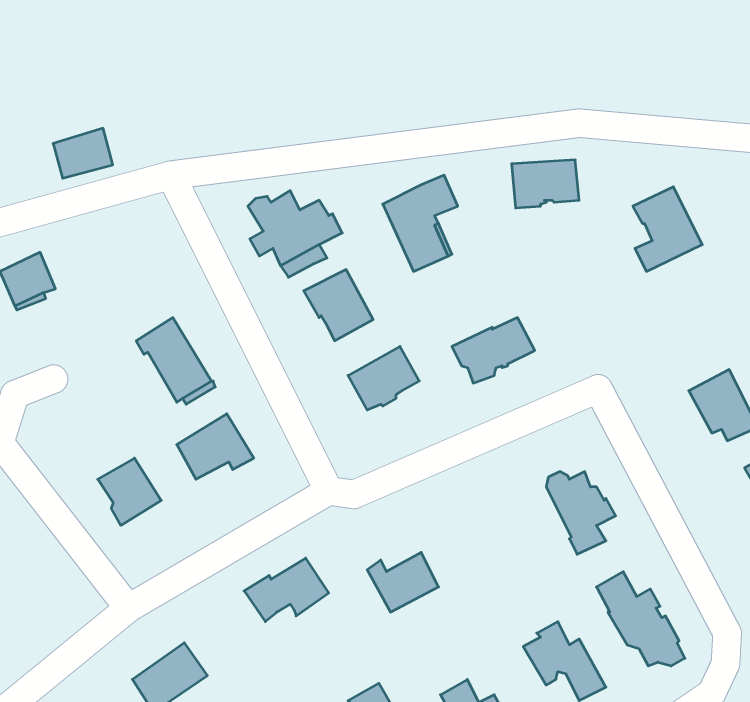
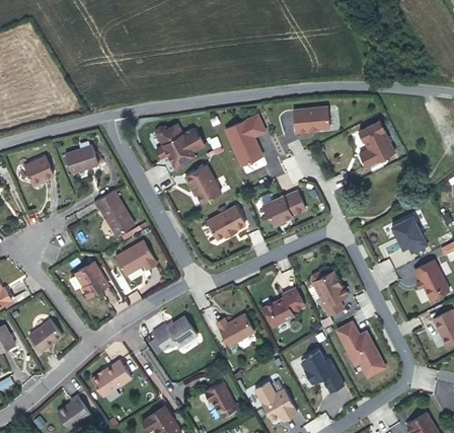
building: [53,128,113,178] -> [64,142,95,168]
building: none -> [262,287,304,324]
building: none -> [32,320,65,352]

